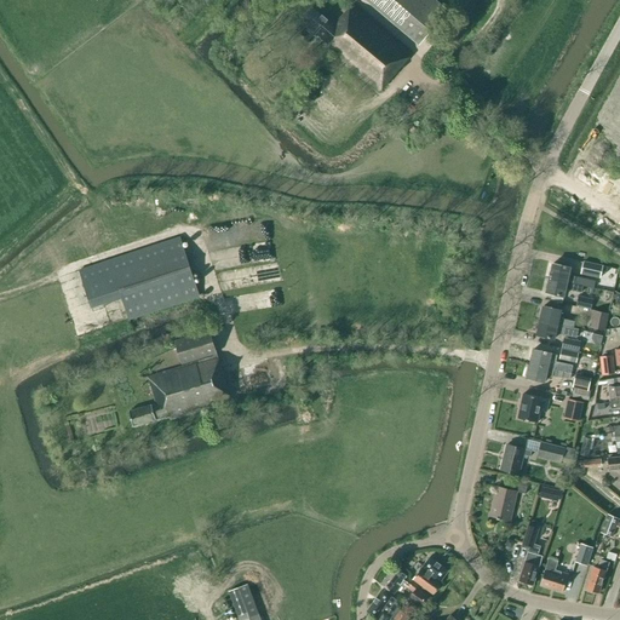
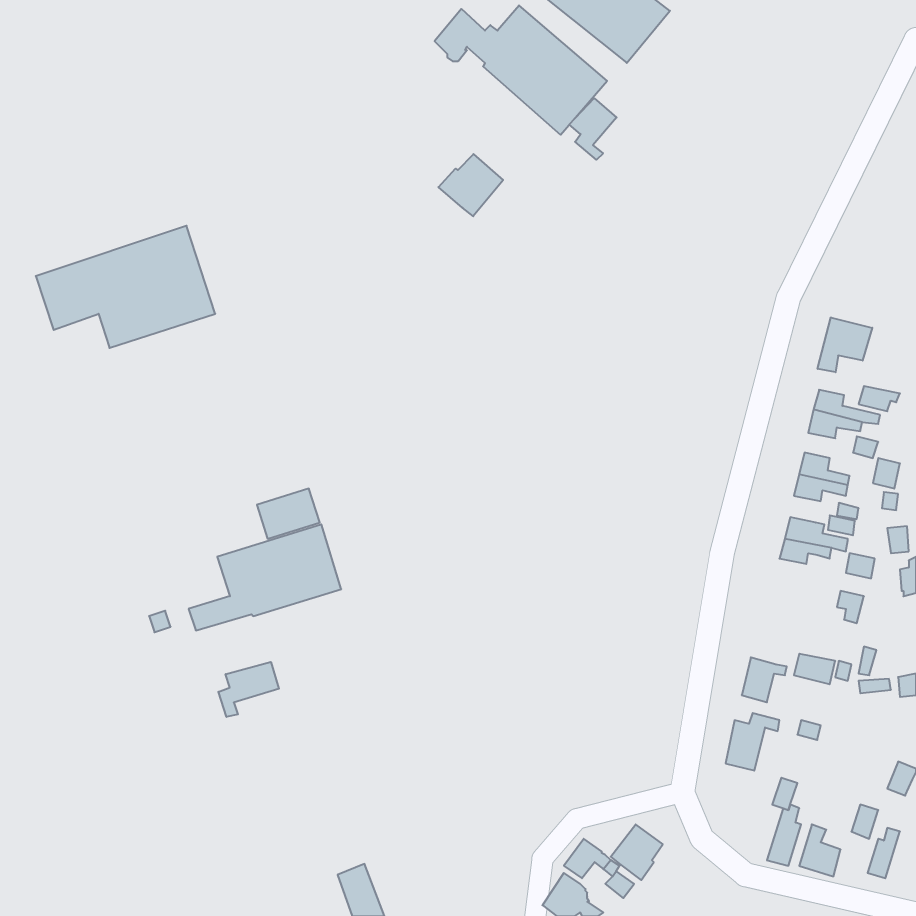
building: none -> [569,98,617,160]
building: none -> [438,154,503,216]
building: none -> [818,317,872,372]
building: [78,236,199,318] -> [36,226,215,348]
building: [517,392,547,421] -> none
building: none -> [218,662,279,717]

